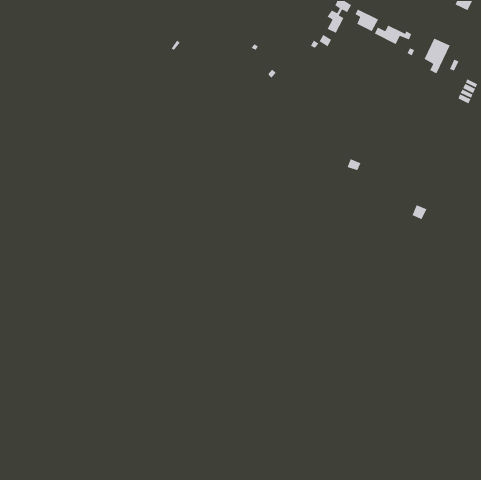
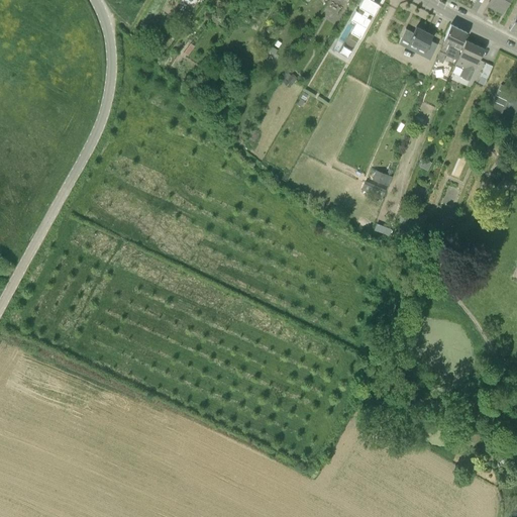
building: [355,8,379,32] -> none
building: none -> [442,25,467,55]

